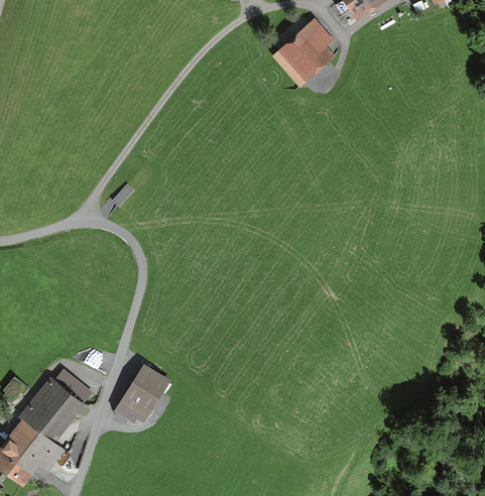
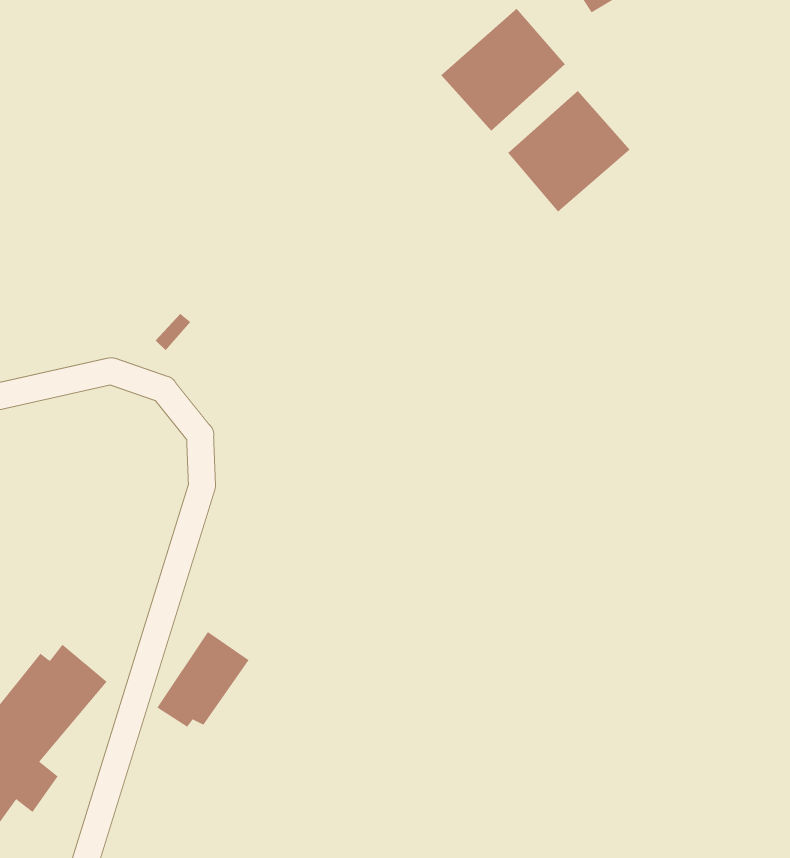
building: none -> [507,90,630,212]

